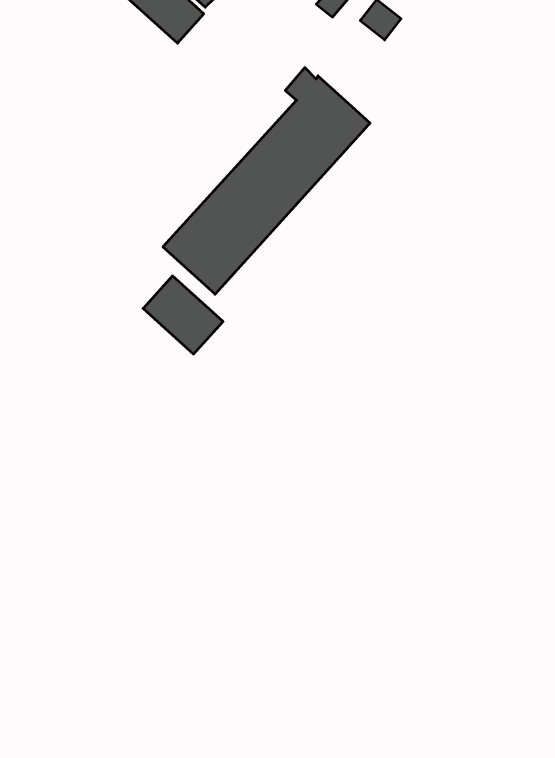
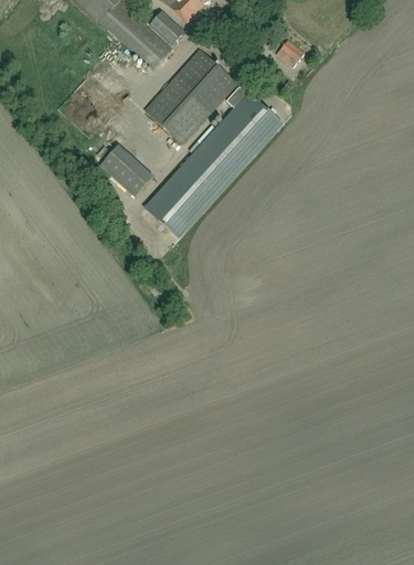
building: none -> [145,50,236,143]
building: [143,276,223,354] -> [100,143,155,196]

